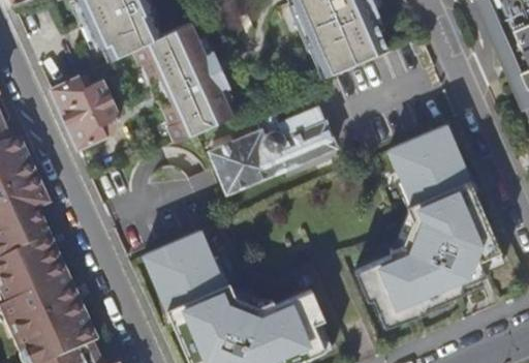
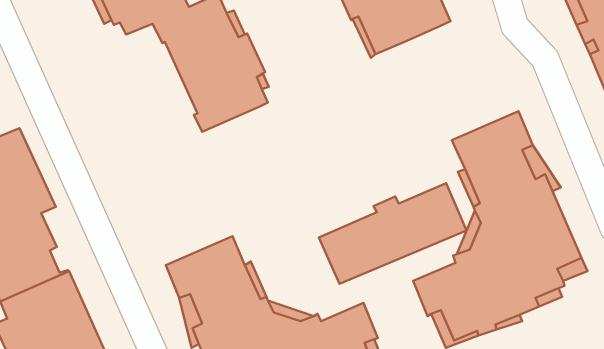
building: [53,77,119,149] -> none
building: [210,107,336,192] -> [319,183,467,284]

